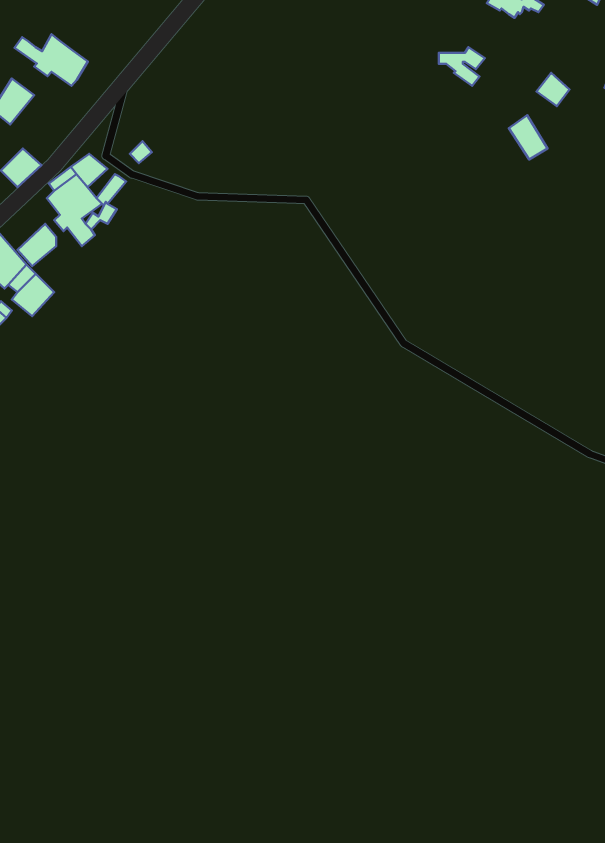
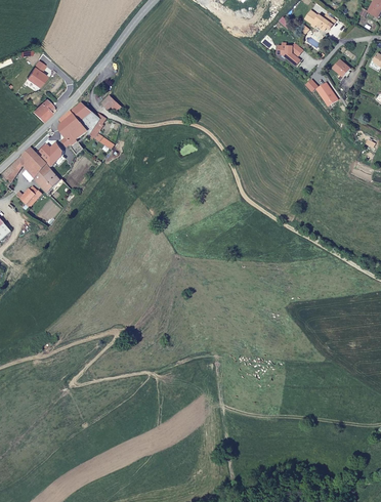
building: [15,34,88,86] -> none

